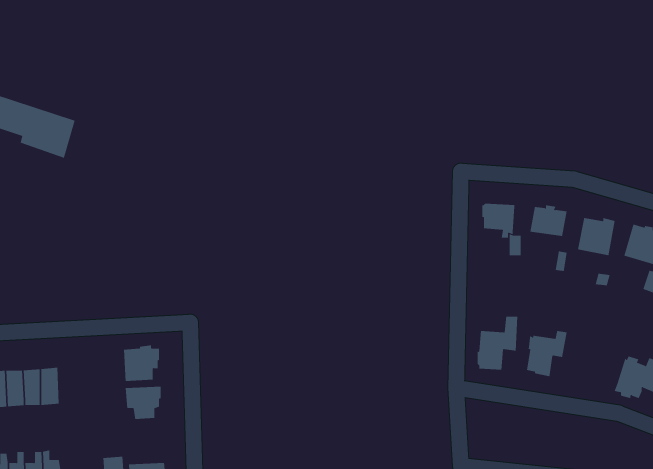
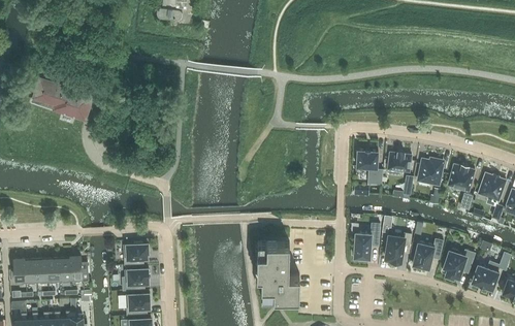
building: none -> [412,237,443,267]
building: none -> [257,240,299,296]
building: none -> [126,292,151,314]

